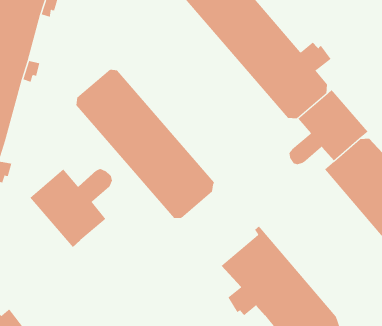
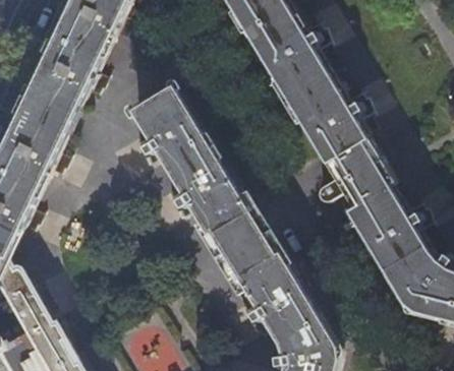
building: [29,168,113,248] -> none
building: none -> [211,207,277,282]

